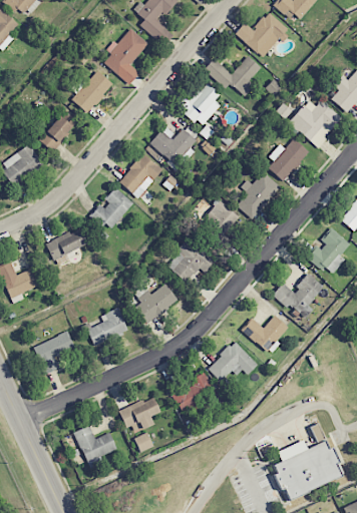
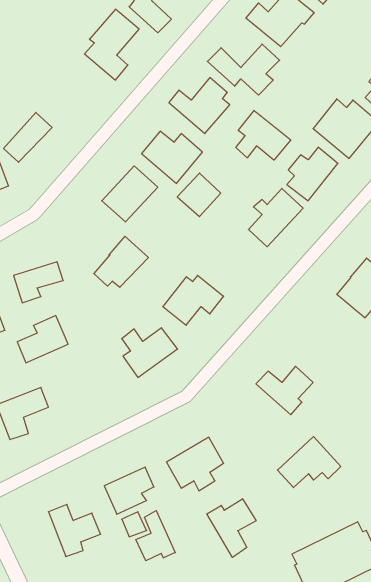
building: [72,70,113,113] -> none
building: none -> [236,110,291,160]
building: [90,186,134,227] -> [94,236,148,287]
building: [202,199,237,234] -> [177,173,221,217]
building: [274,274,324,319] -> none
building: [87,308,128,346] -> [17,316,68,363]
building: [207,341,258,382] -> [277,437,341,488]
building: none -> [207,499,256,557]
building: none -> [136,511,175,561]

